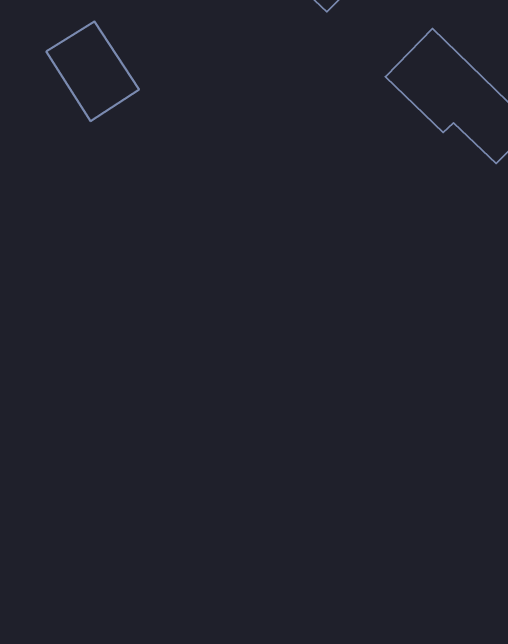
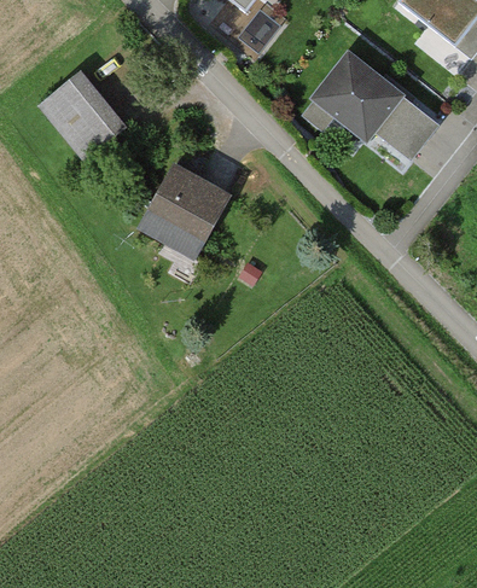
building: none -> [139,165,229,257]

